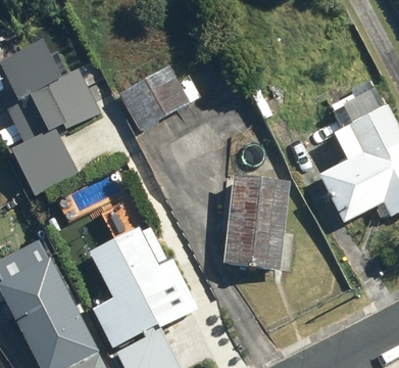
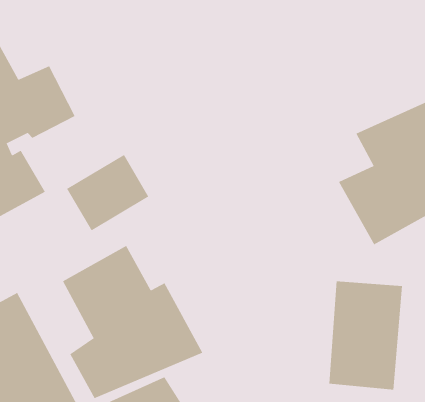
building: [116,68,185,132] -> [66,154,149,231]
building: [225,174,286,264] -> [329,281,403,390]

